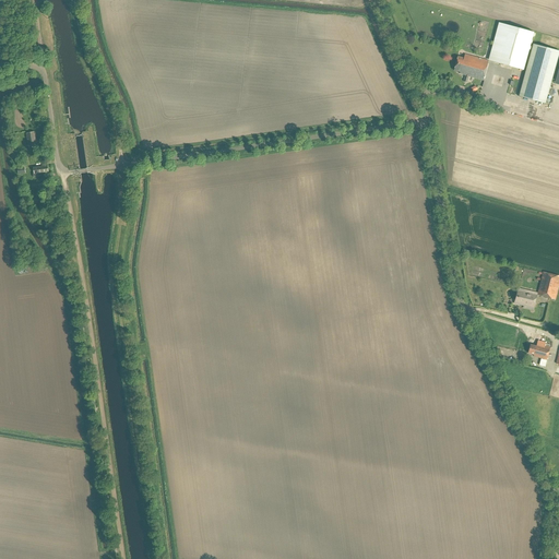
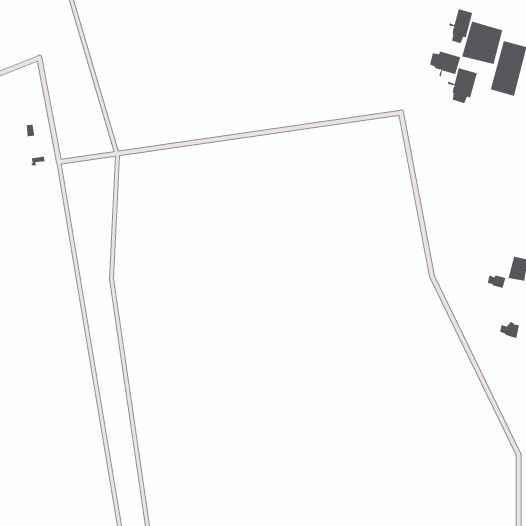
building: none -> [448,8,473,44]
building: none -> [447,67,478,104]

